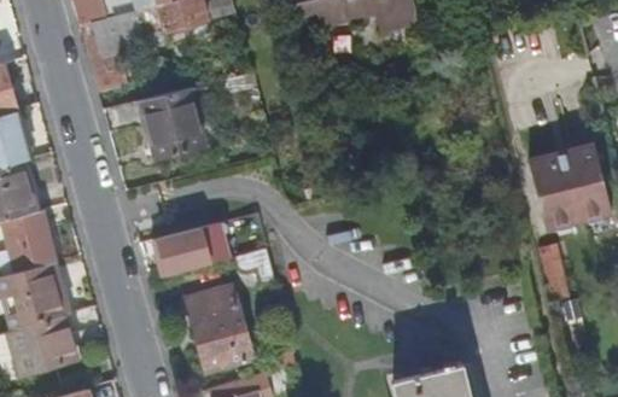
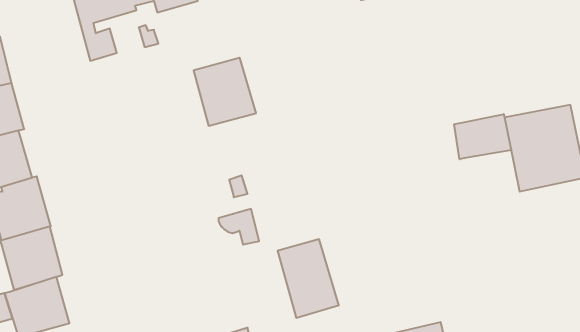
building: [140,84,205,156] -> [194,58,256,126]
building: none -> [454,114,511,159]
building: [157,228,208,276] -> none
building: [187,288,251,370] -> [278,239,339,318]

